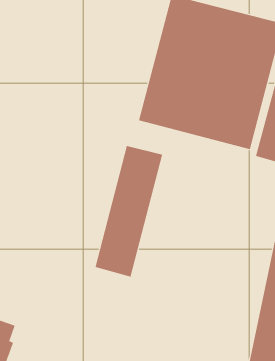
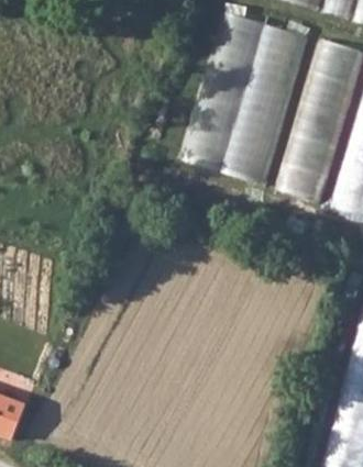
building: [95,145,163,277] -> none

